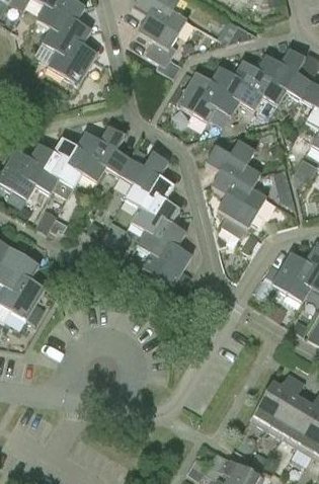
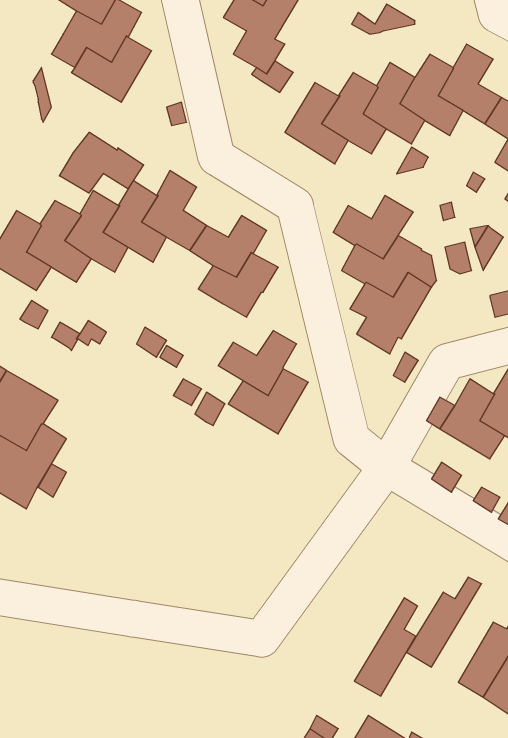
building: none -> [59,132,144,193]
building: [131,199,178,238] -> none
building: [266,377,305,436] -> [354,598,418,696]

